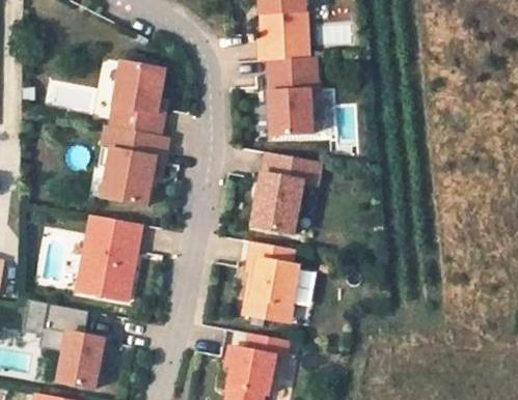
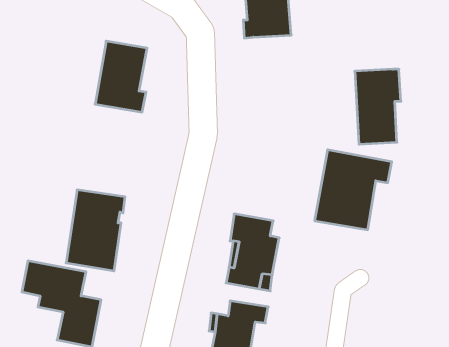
building: [269,60,317,138] -> [355,69,401,144]
building: [93,131,161,209] -> none
building: [249,155,329,238] -> [315,150,392,230]

